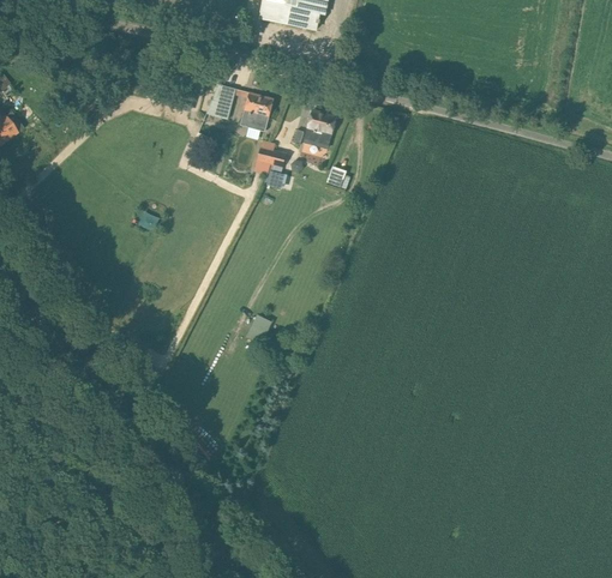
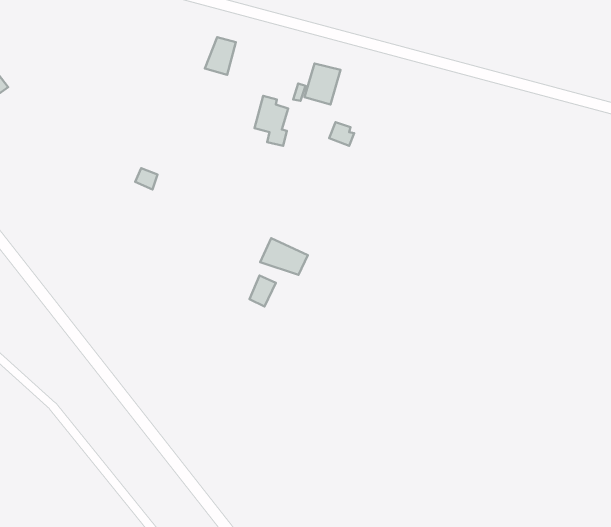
building: [240,91,274,131] -> none
building: none -> [260,238,308,275]

